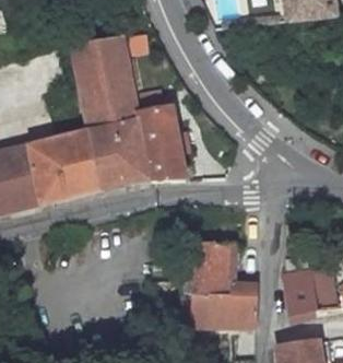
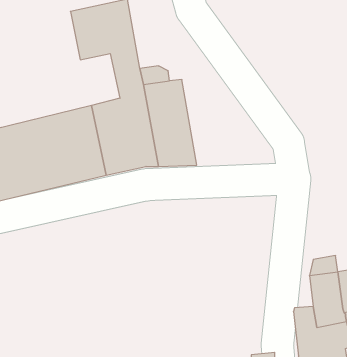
building: [83,81,118,127] -> none
building: [191,245,258,327] -> none

